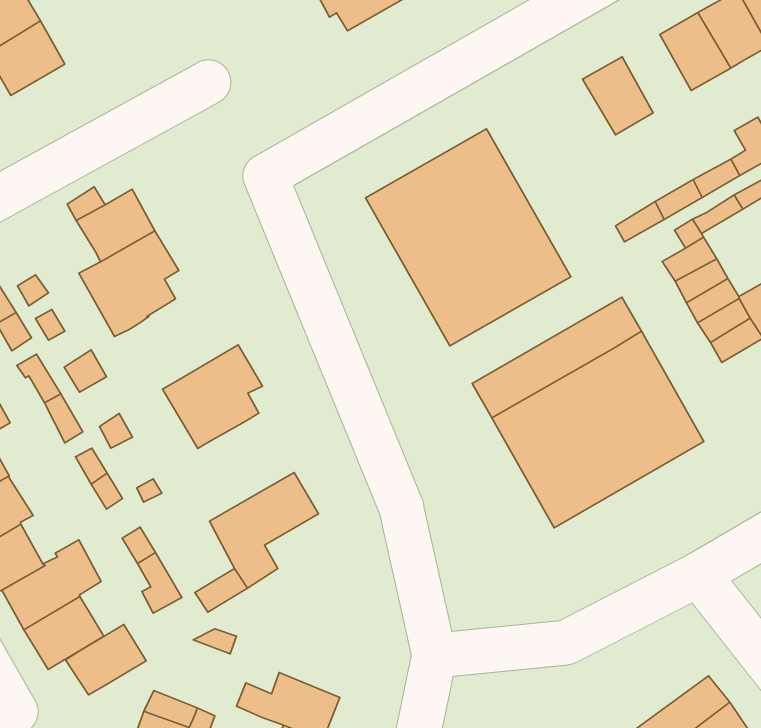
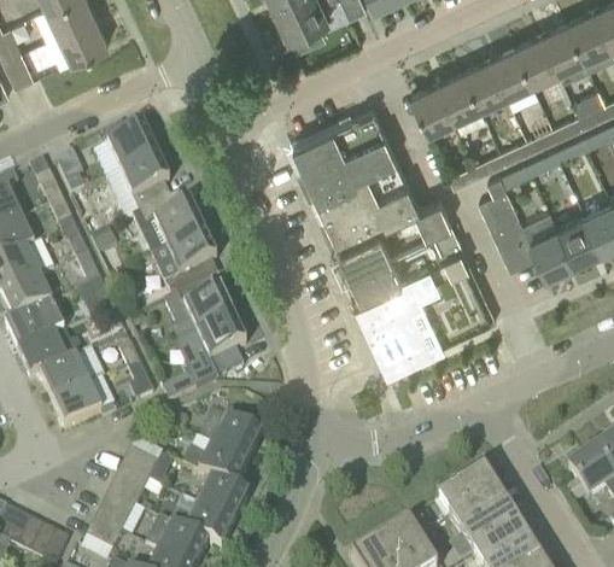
building: none -> [464,60,507,110]
building: none -> [411,84,456,134]
building: none -> [339,200,451,273]
building: none -> [142,199,204,253]
building: none -> [163,285,233,337]
building: none -> [201,414,263,466]
building: [66,624,146,695] -> none

